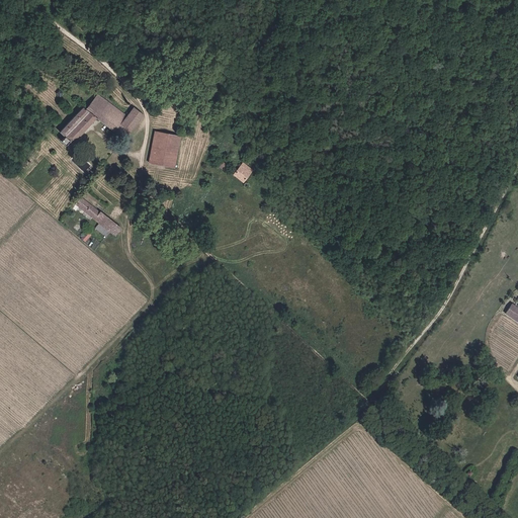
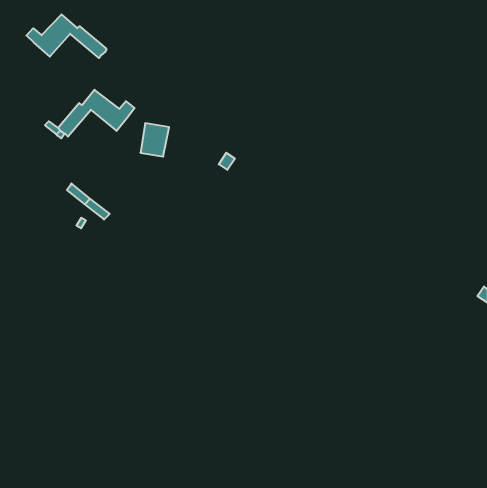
building: none -> [26,14,106,58]

